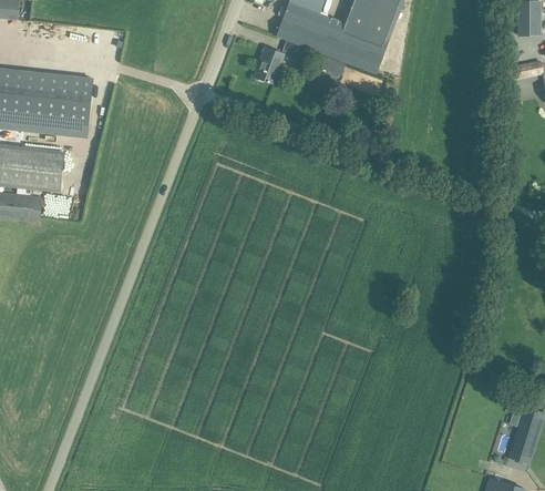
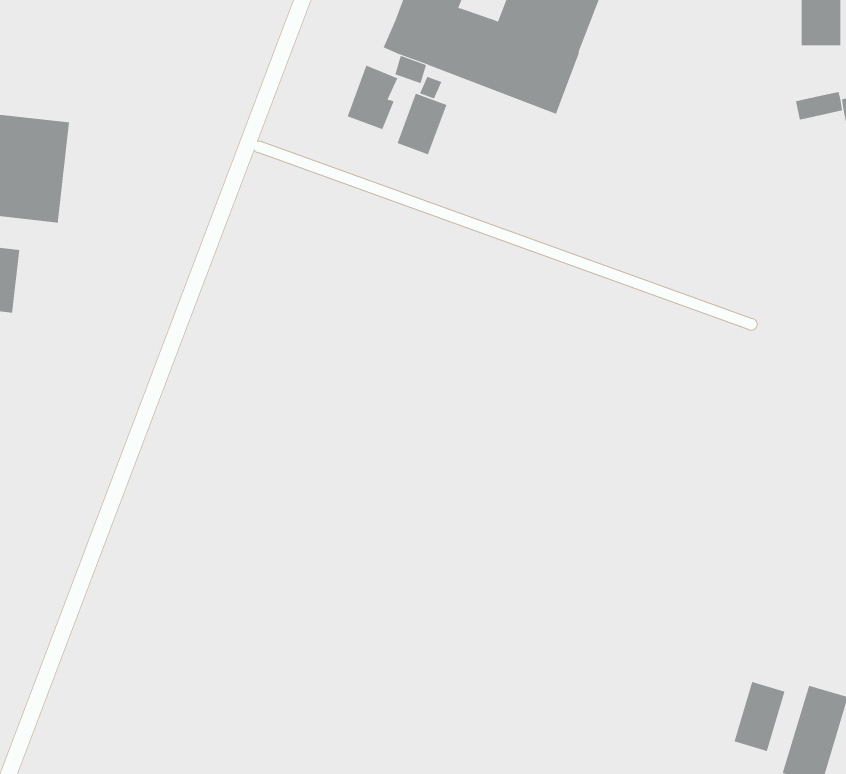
building: none -> [397,93,447,155]
building: none -> [734,681,785,752]

